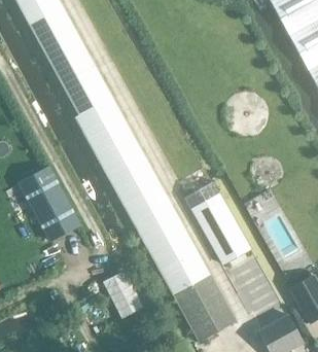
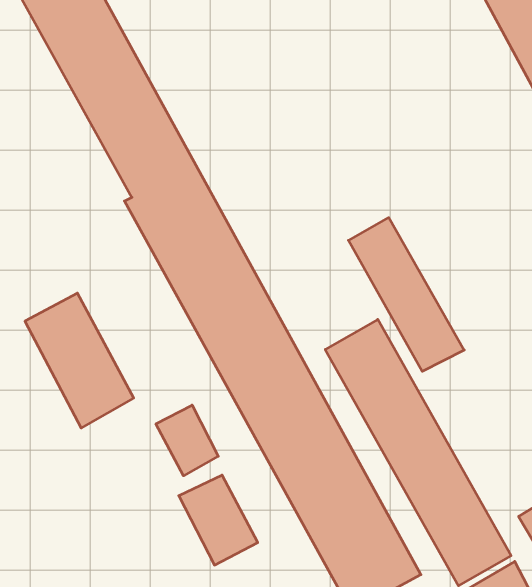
building: none -> [348,218,464,371]
building: none -> [156,405,218,476]

